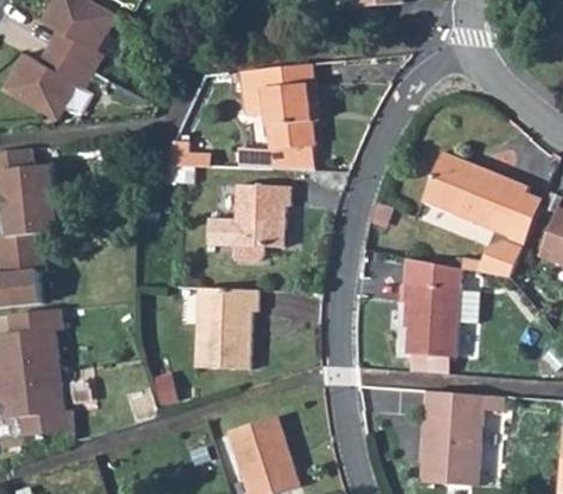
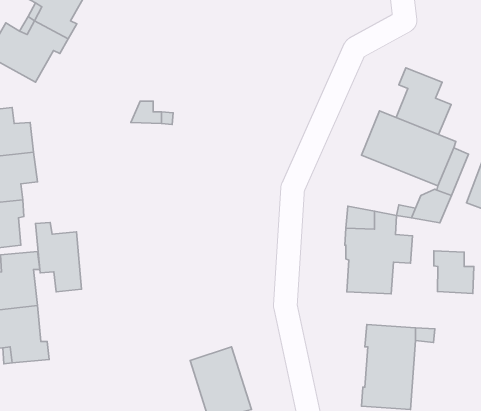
building: [242,64,315,171] -> none
building: none -> [396,68,451,134]
building: [207,185,289,261] -> none
building: none -> [36,222,81,292]
building: [196,288,257,370] -> none
building: none -> [434,251,474,293]

